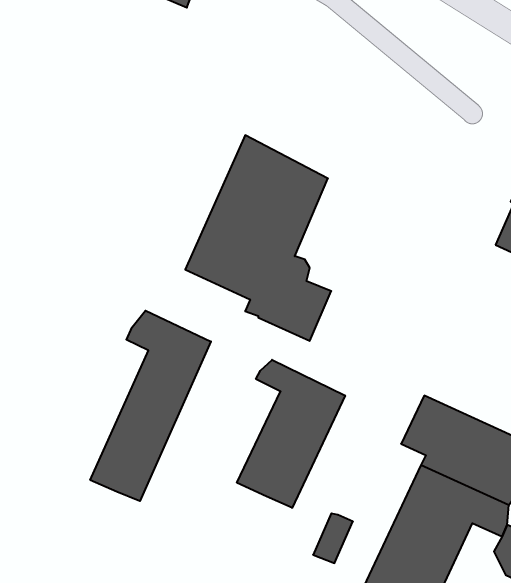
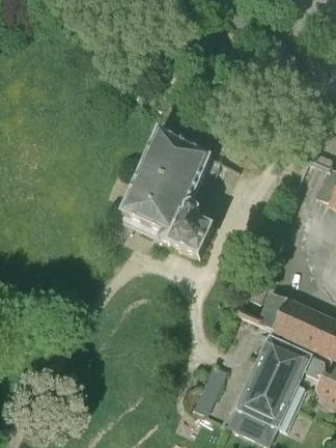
building: [90,311,211,501] -> none
building: [237,360,345,508] -> none

